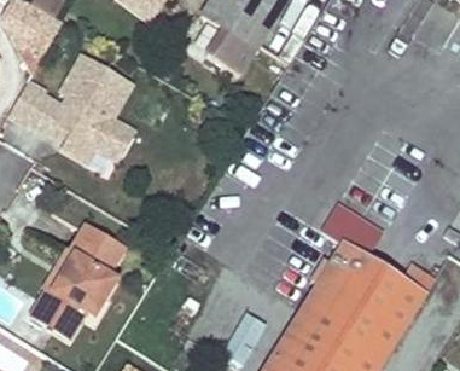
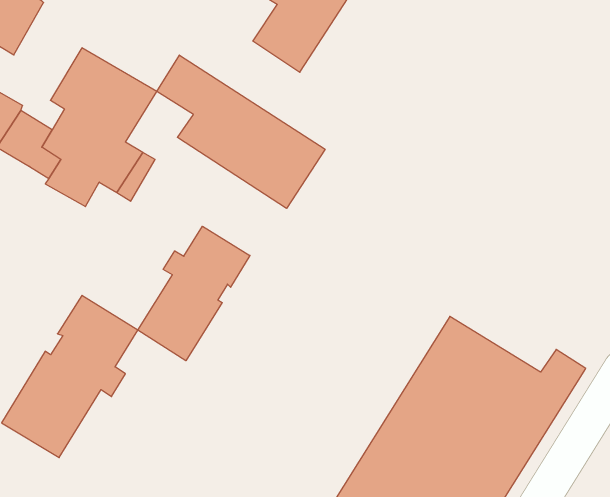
building: none -> [157,55,325,208]
building: none -> [138,226,250,361]

